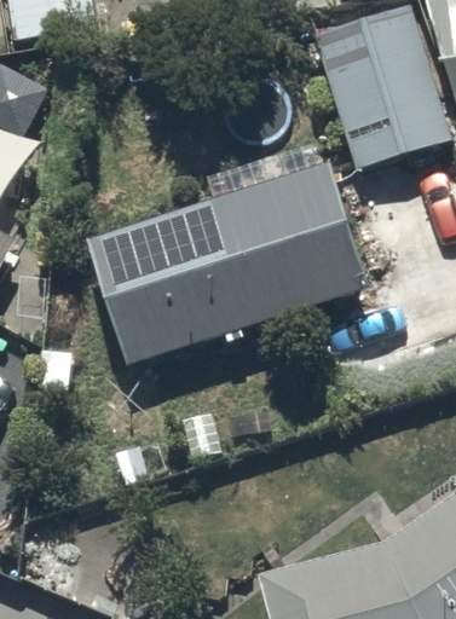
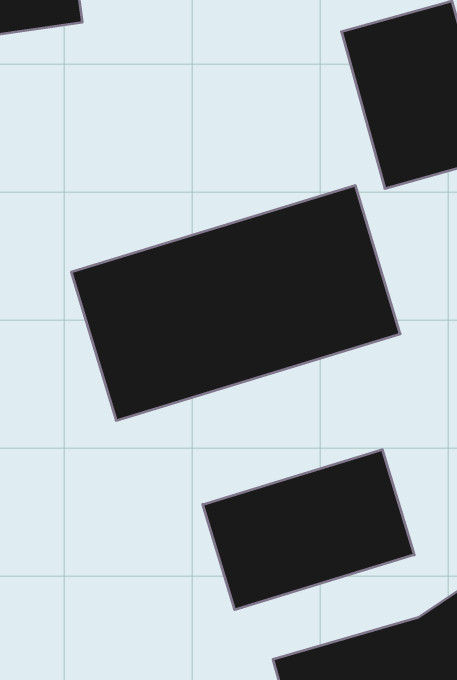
building: none -> [203,450,414,610]

